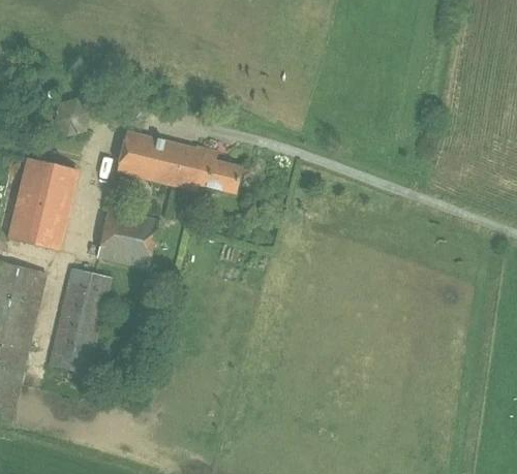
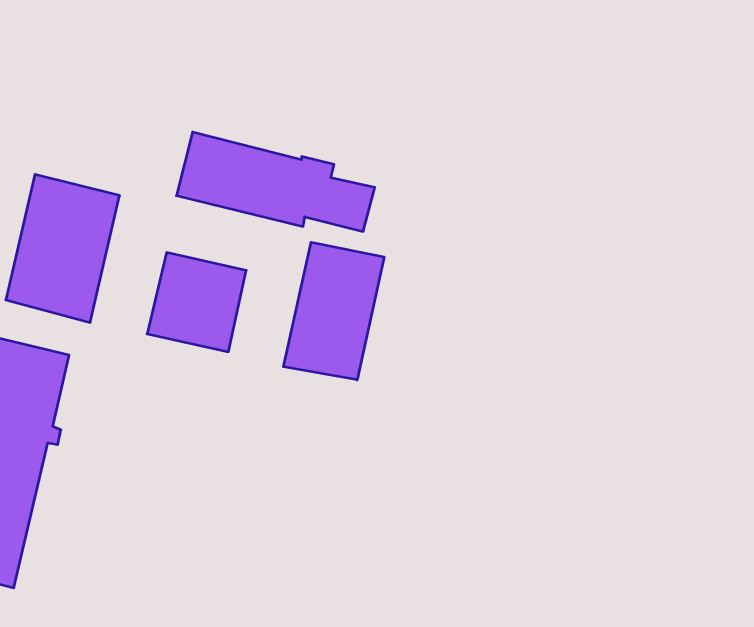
building: none -> [283,242,384,380]
building: [49,266,112,373] -> none

